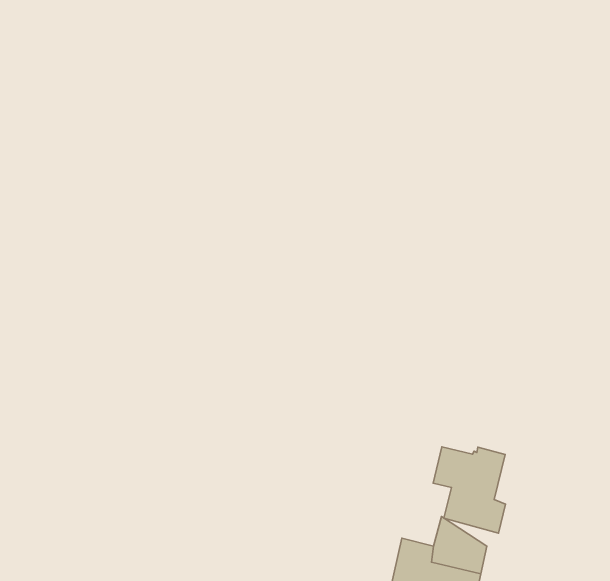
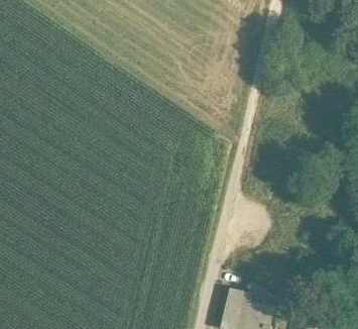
building: [433,447,506,533] -> none

